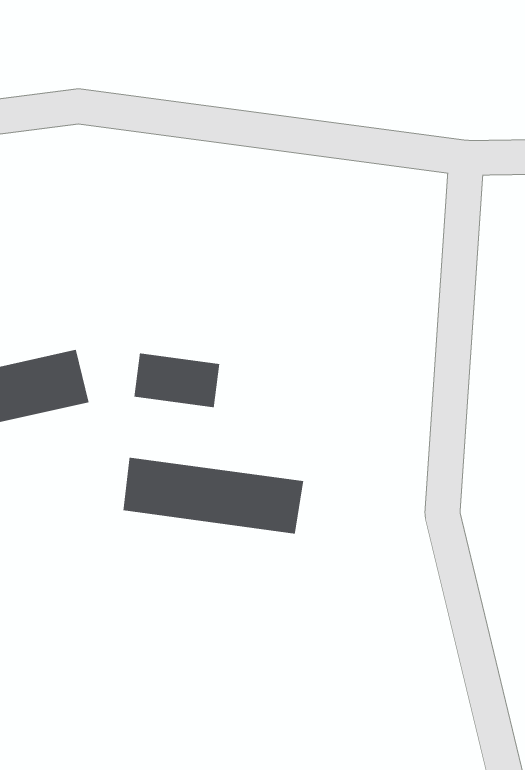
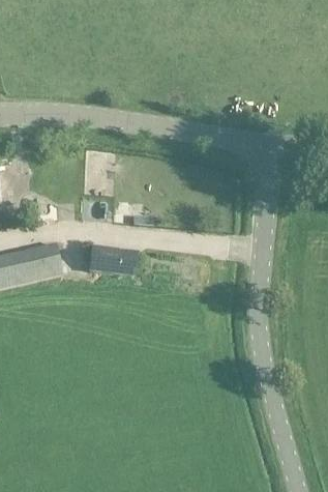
building: [123,457,304,535] -> none

